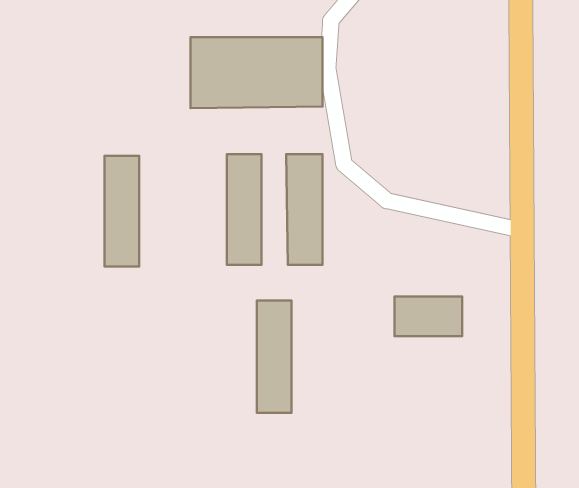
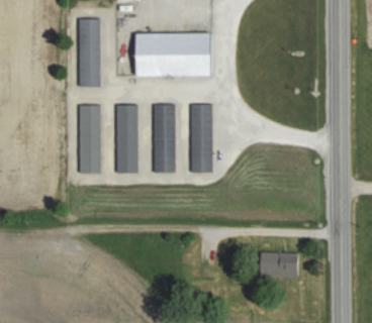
building: none -> [79,18,100,87]
building: [395,296,462,336] -> [259,252,300,277]
building: [257,301,292,413] -> [116,104,137,173]

